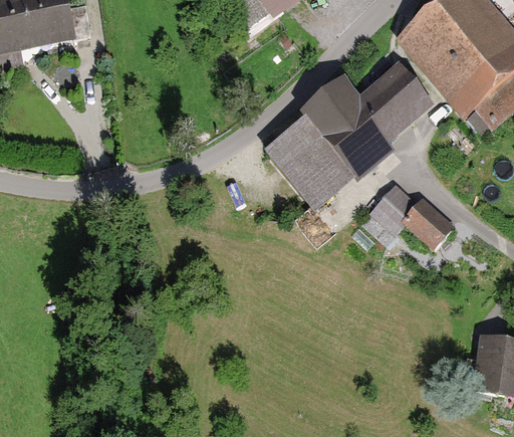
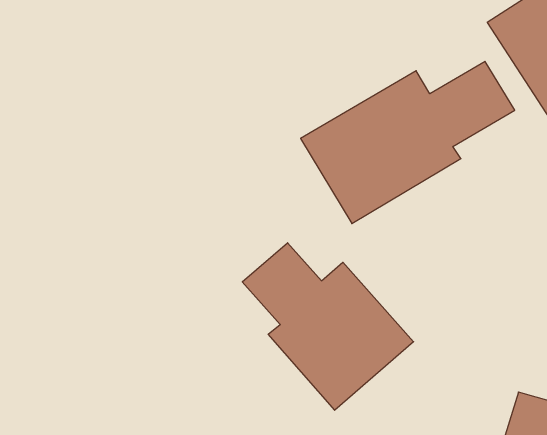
building: [364,182,451,247] -> none
building: none -> [242,243,414,410]

